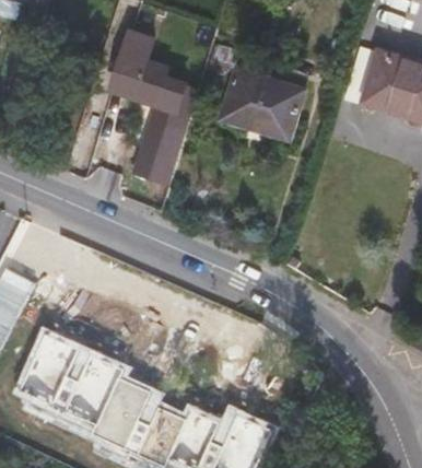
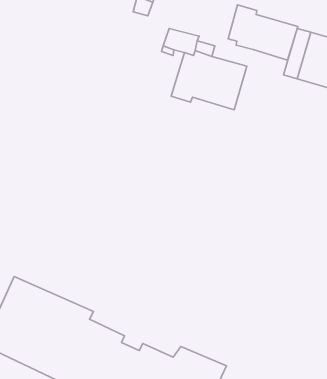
building: none -> [228,5,298,60]
building: [110,30,196,182] -> none

